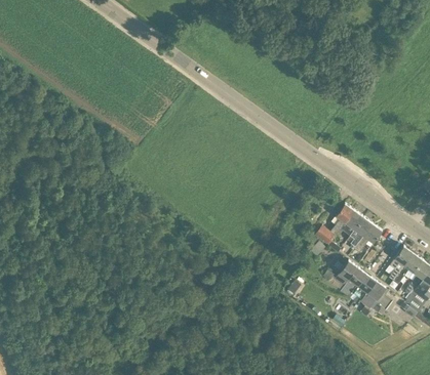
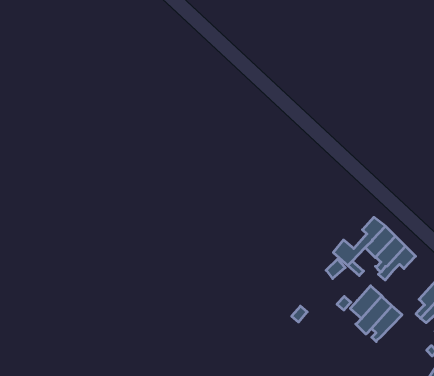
building: [359,280,392,316] -> none

